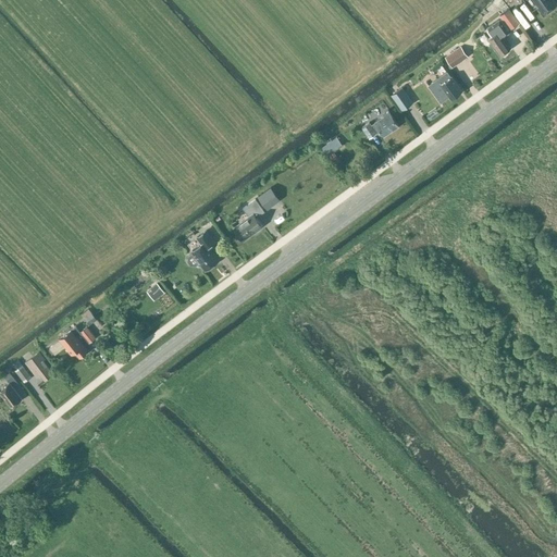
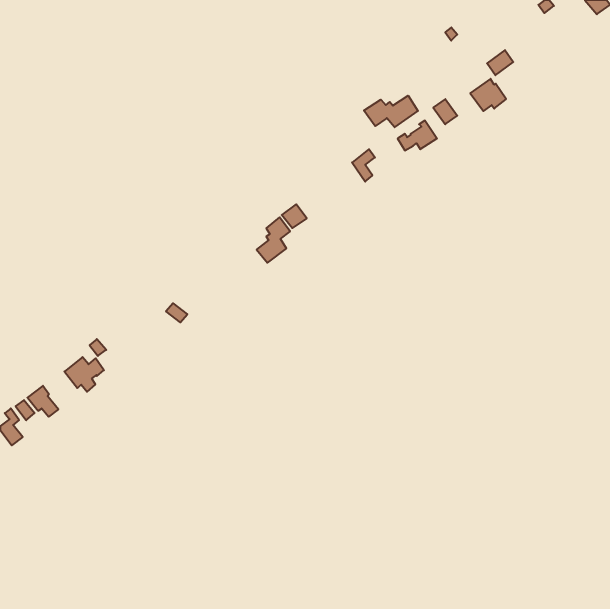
building: [487,10,519,57] -> none
building: none -> [364,96,418,127]
building: [187,232,218,271] -> none

